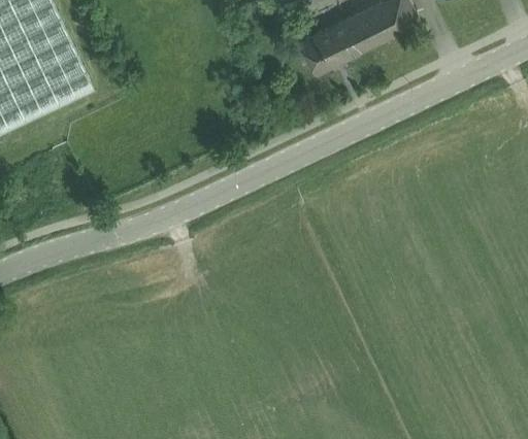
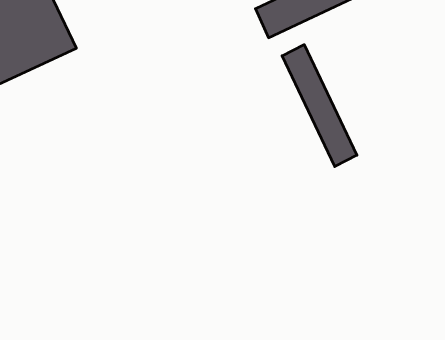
building: none -> [282,45,357,167]

